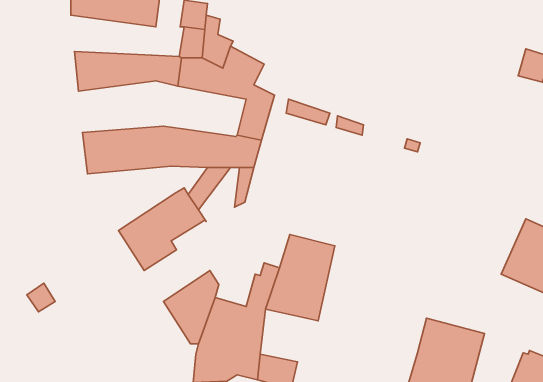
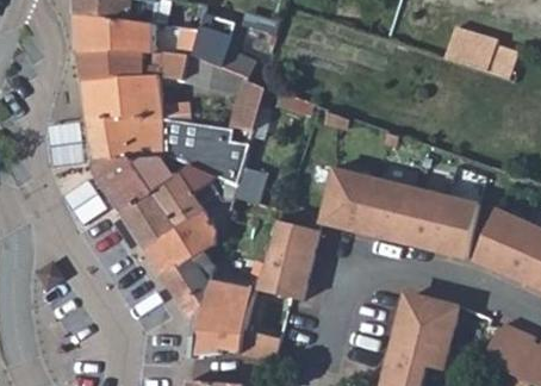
building: none -> [75,17,154,54]
building: none -> [446,27,498,73]
building: none -> [82,77,182,125]
building: none -> [91,156,172,216]
building: none -> [322,168,478,255]
building: none -> [143,206,217,281]

